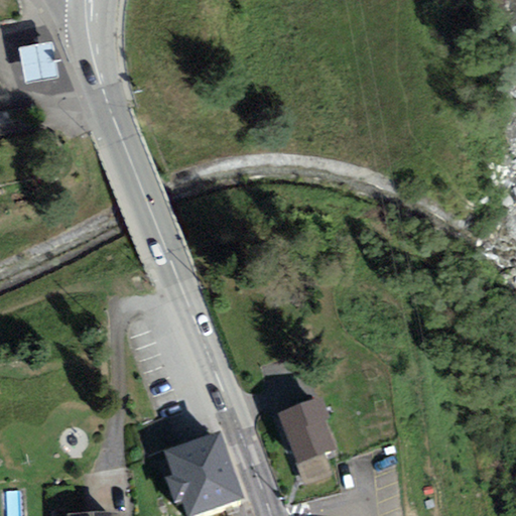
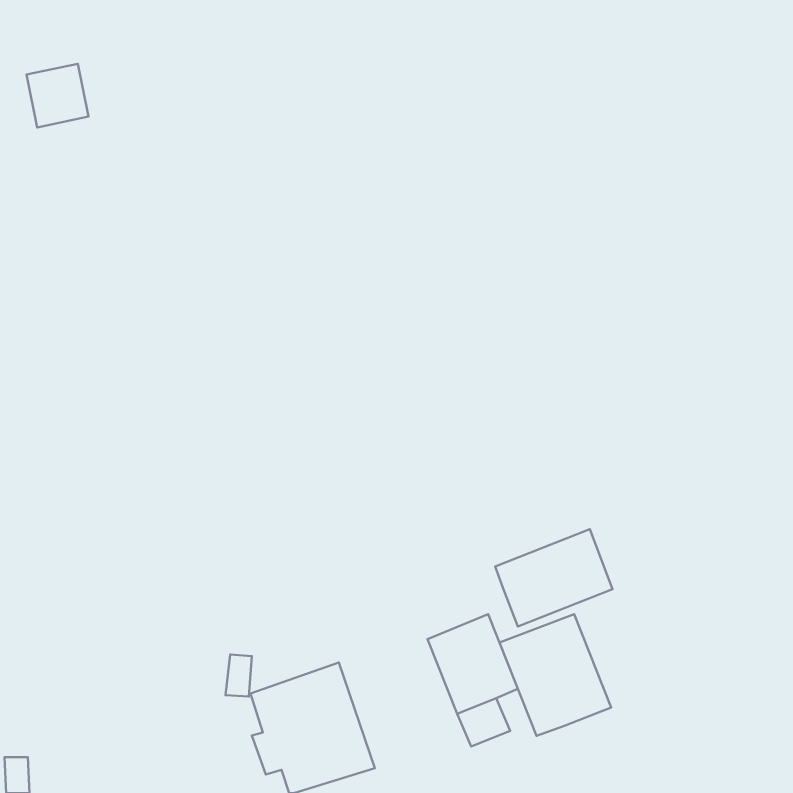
building: none -> [495,529,612,626]
building: none -> [499,614,611,736]

